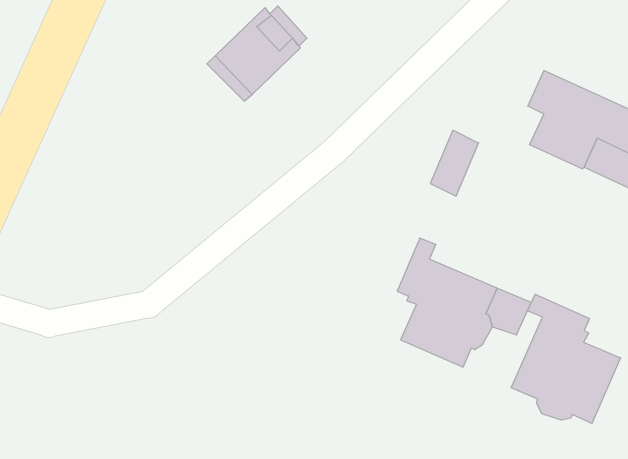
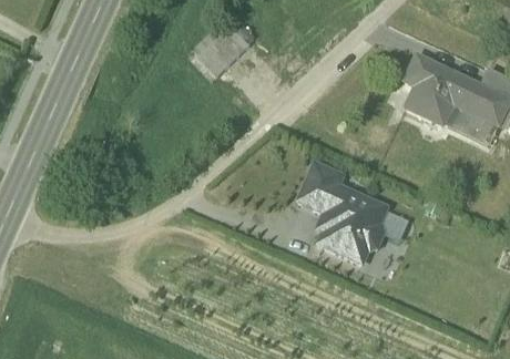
building: [430,130,479,196] -> [298,163,332,208]
building: [511,294,621,424] -> none

